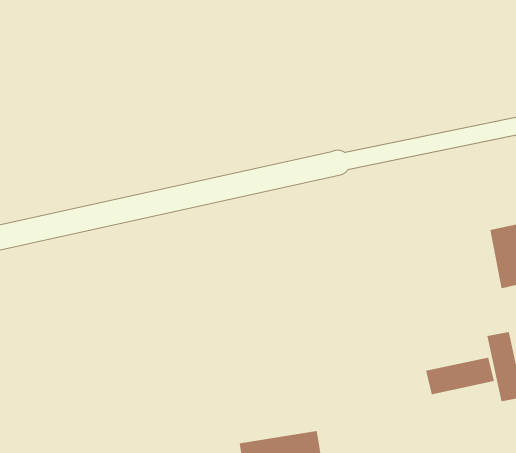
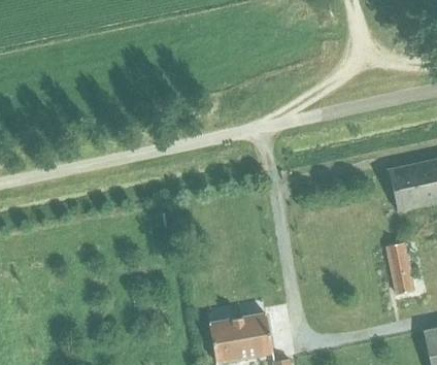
building: [426,357,494,395] -> none

